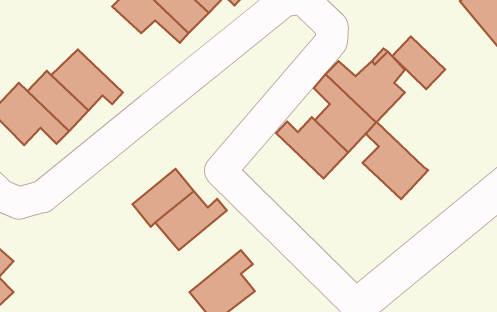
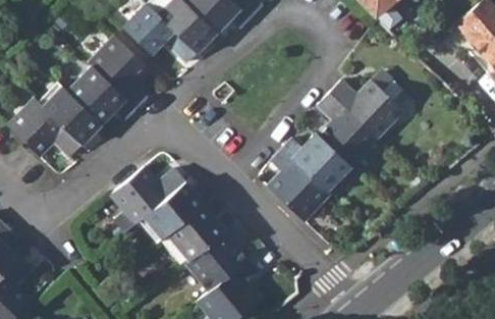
building: none -> [88,37,149,109]
building: [392,36,445,89] -> none
building: [363,122,428,199] -> [268,148,330,221]
building: none -> [112,166,185,230]
building: none -> [184,221,248,290]

